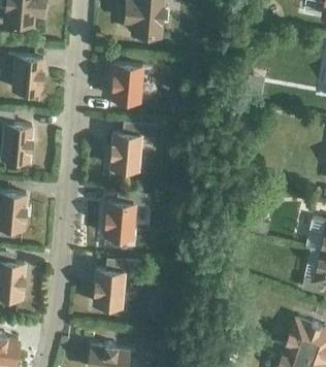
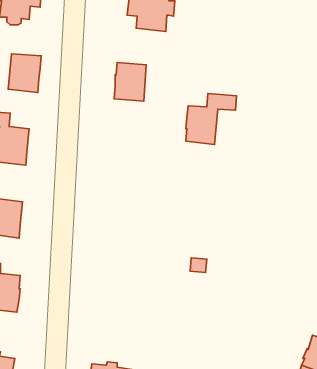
building: [109,123,157,170] -> [186,94,237,144]
building: [103,192,151,238] -> none
building: [92,260,140,306] -> none

